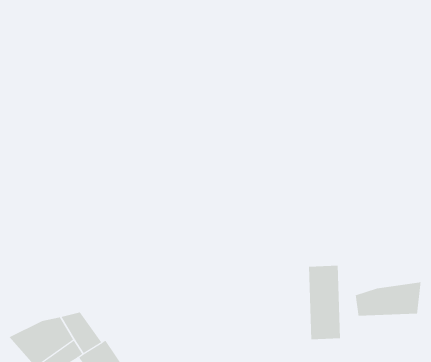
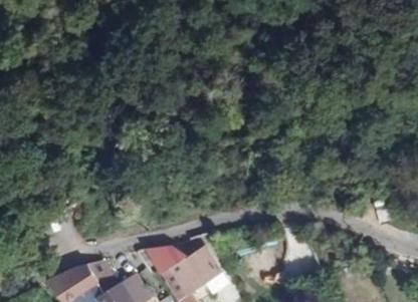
building: [355,282,421,316] -> none
building: none -> [148,243,221,291]

